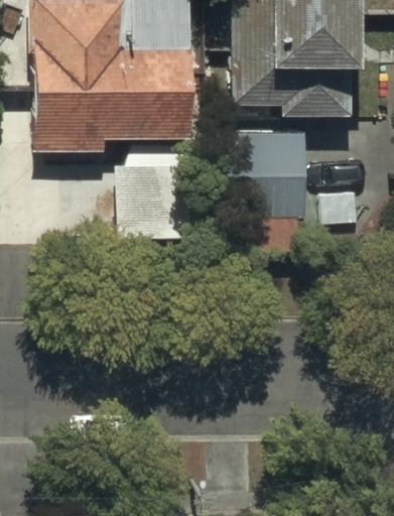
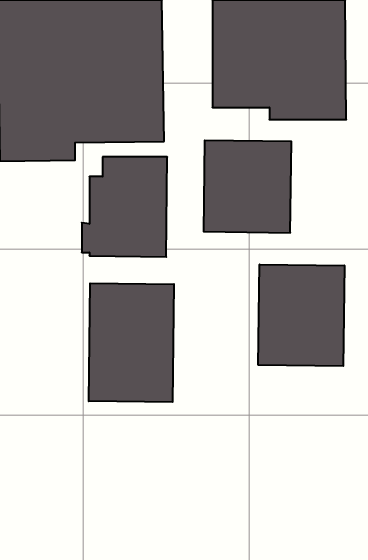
building: none -> [258,264,344,366]
building: none -> [89,283,174,402]

